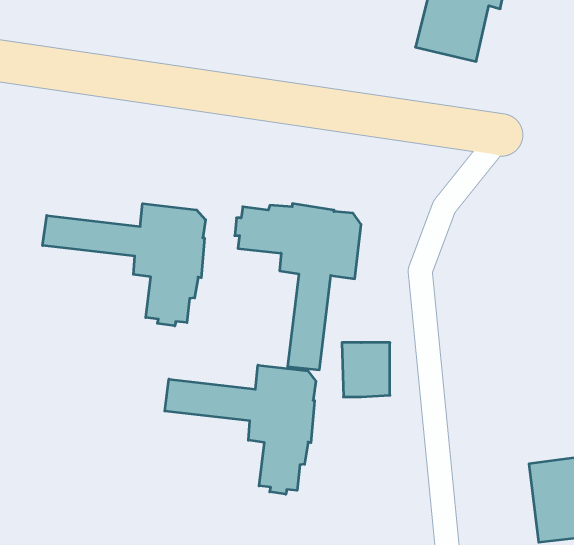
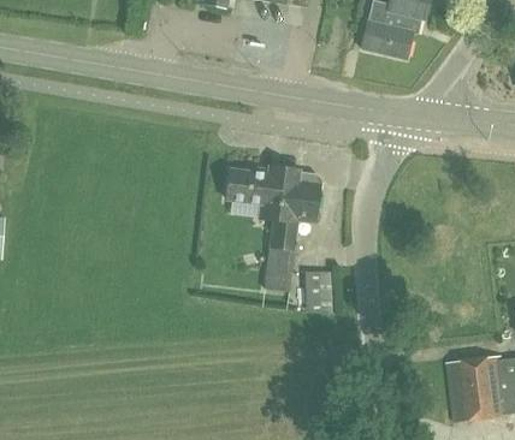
building: [43,204,206,326] -> none
building: [165,365,316,494] -> none

